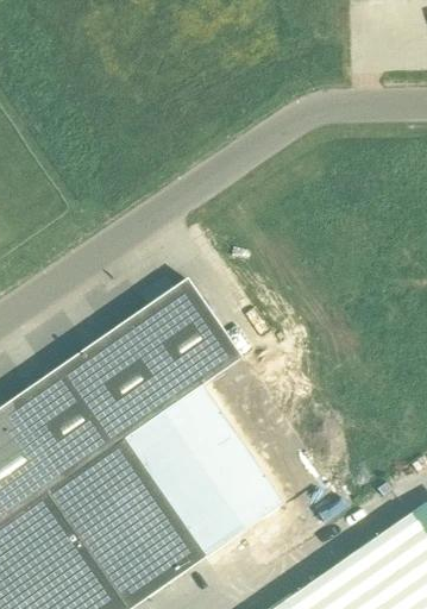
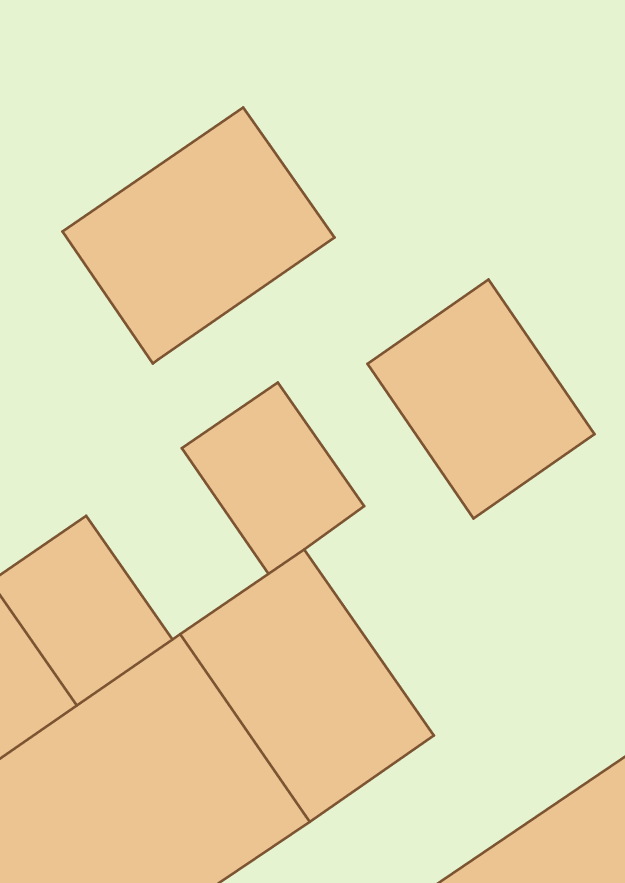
building: none -> [62,107,334,363]
building: none -> [367,280,595,518]
building: [64,322,180,444] -> none

